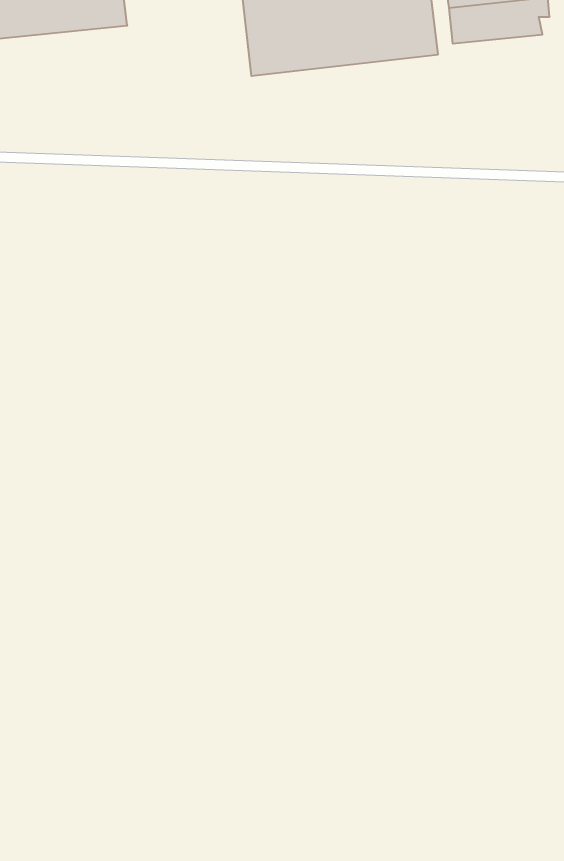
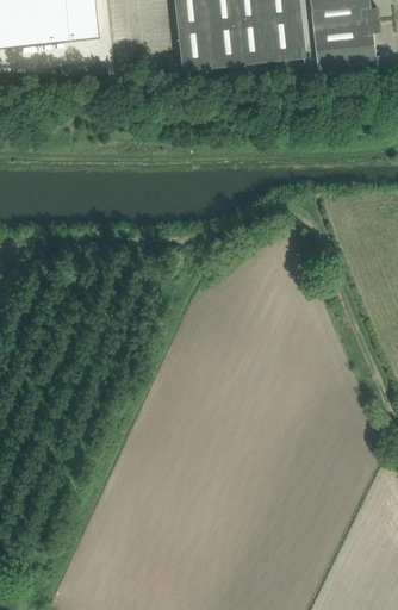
building: none -> [316,43,384,73]

